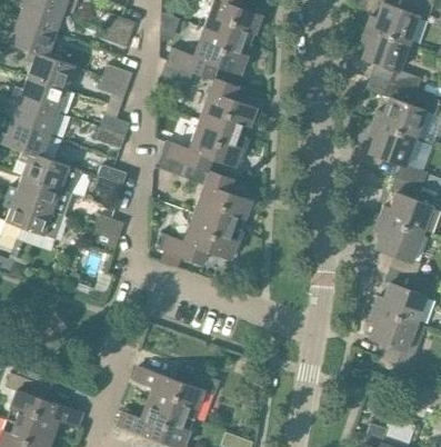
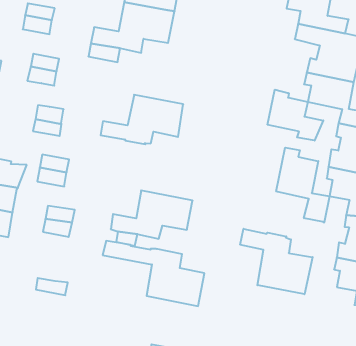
building: [200,78,257,137] -> none
building: none -> [268,90,323,141]
building: [156,155,252,232] -> [103,241,204,306]
building: none -> [276,148,330,223]
building: none -> [240,229,313,294]

